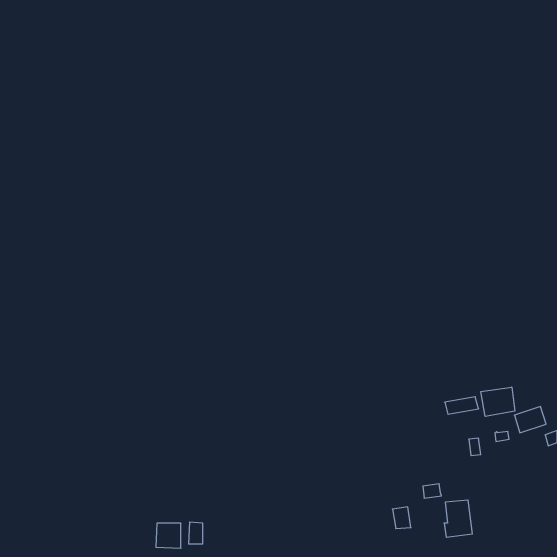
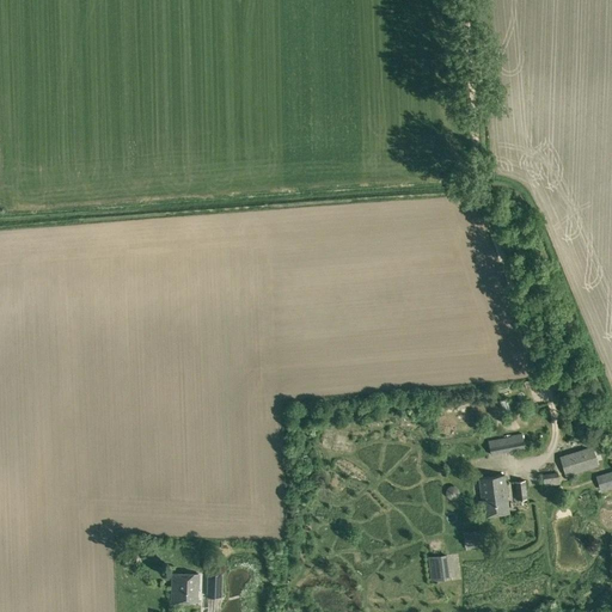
building: [481,387,515,416] -> none
building: [444,500,472,537] -> [478,476,509,516]

